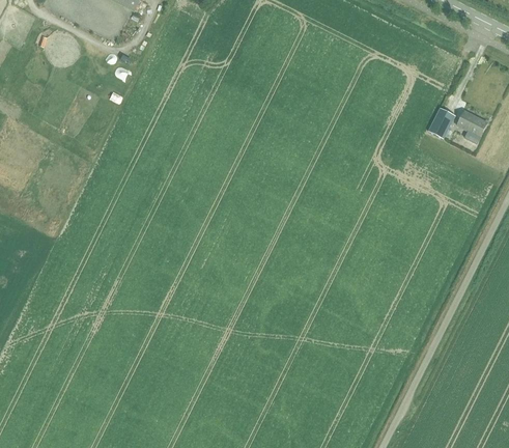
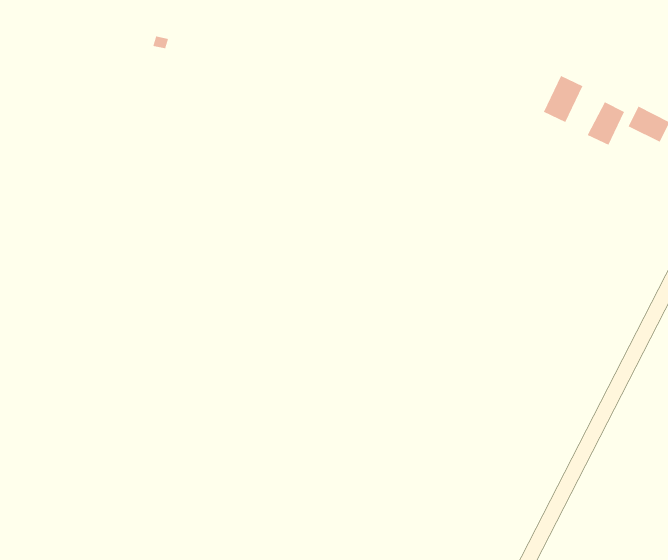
building: none -> [543,75,583,123]

